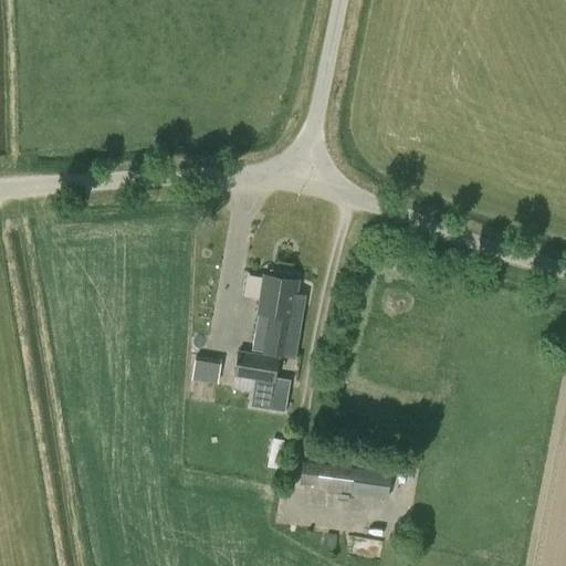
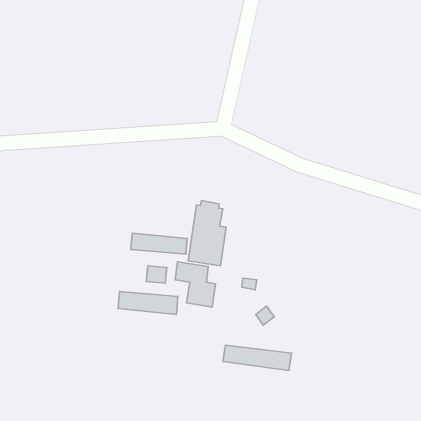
building: none -> [131,233,187,254]
building: none -> [118,292,178,315]

